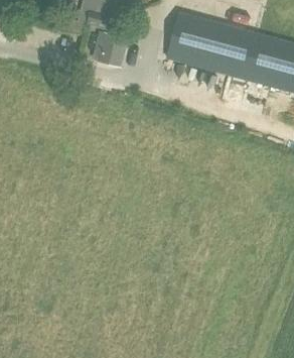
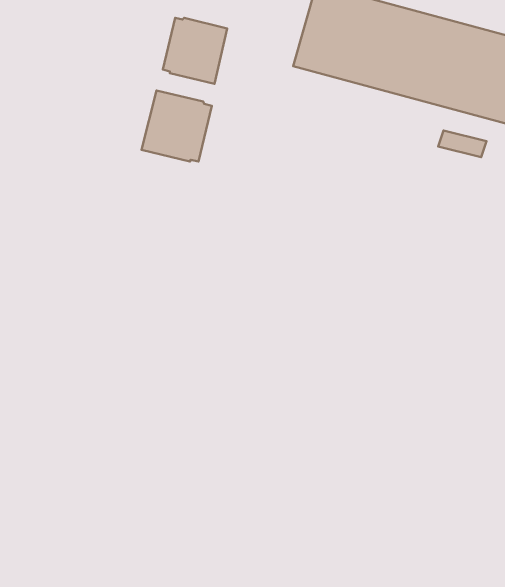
building: none -> [141,91,212,162]

